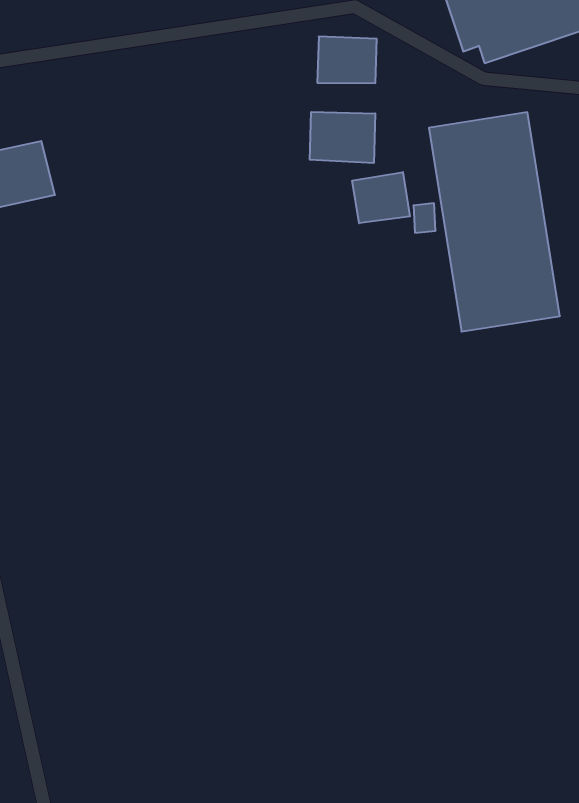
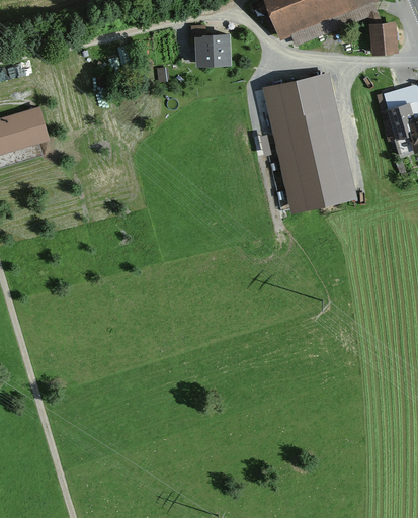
building: [310,112,375,163] -> none
building: [352,172,410,223] -> none

